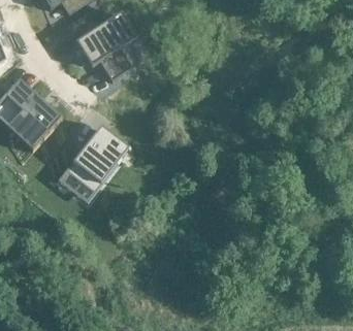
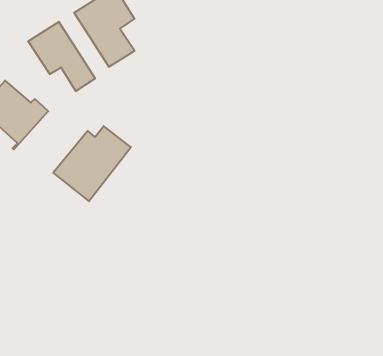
building: none -> [28,22,95,91]

